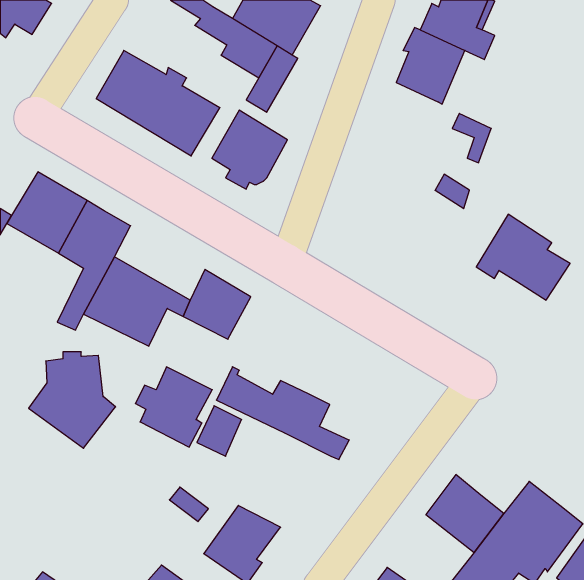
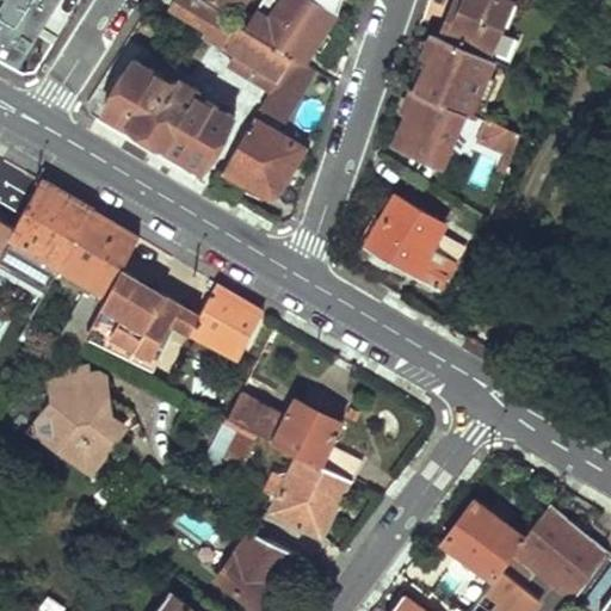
building: none -> [395,90,458,162]
building: [476,214,570,300] -> [360,197,458,286]
building: [135,367,212,447] -> [266,457,346,541]

